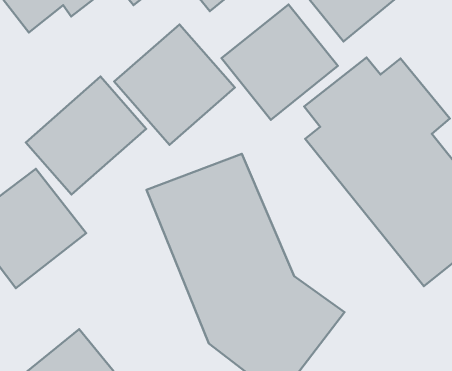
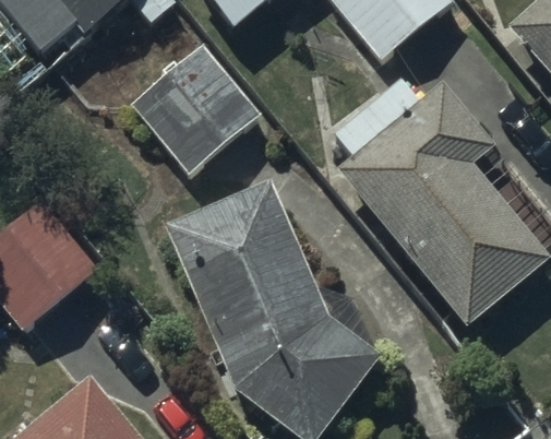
building: [222,5,338,120] -> none
building: [26,77,146,194] -> none

